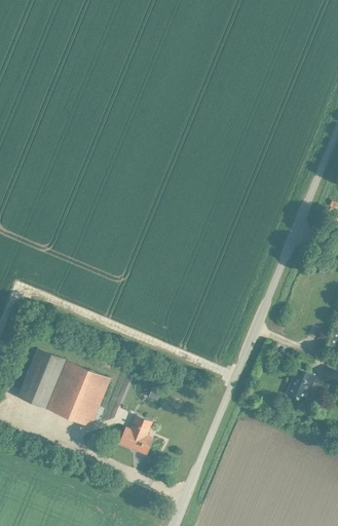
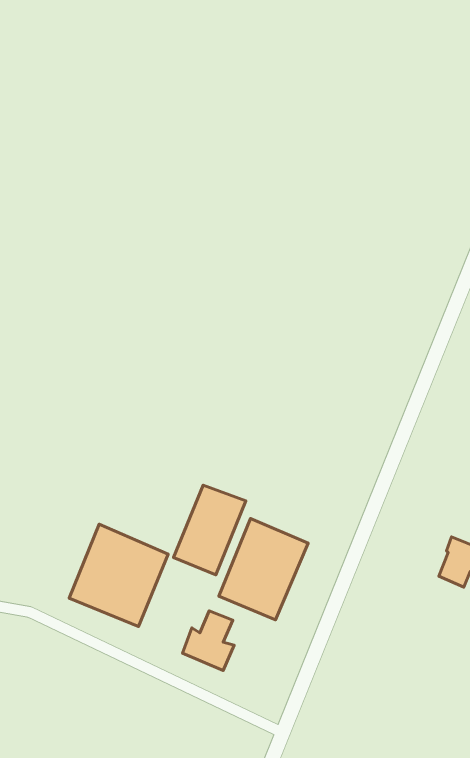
building: [17,348,65,407] -> [173,485,246,575]
building: none -> [219,518,308,620]

